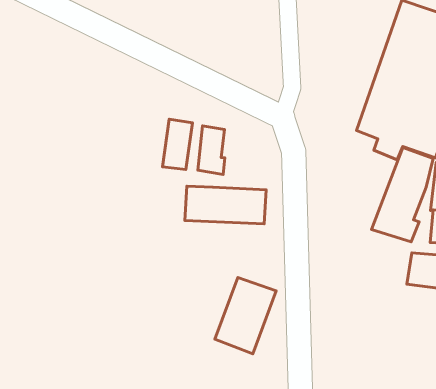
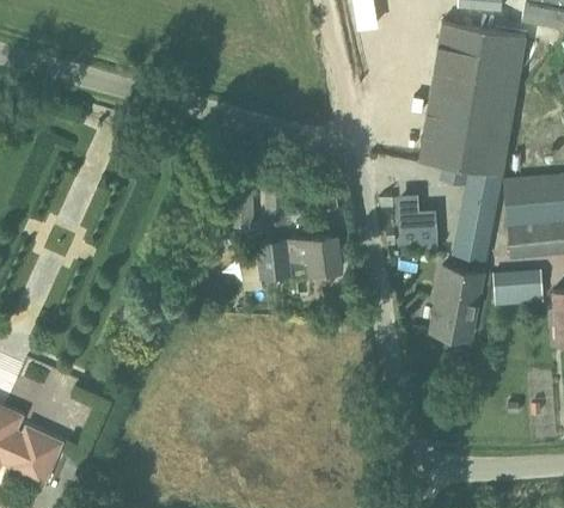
building: none -> [397,192,437,250]
building: [215,278,276,354] -> [430,265,484,339]

